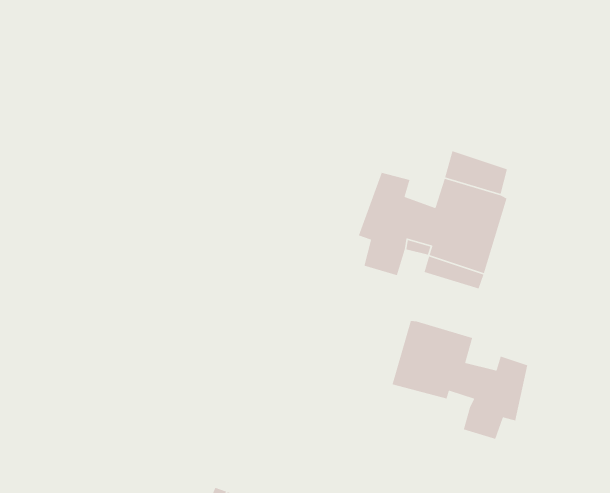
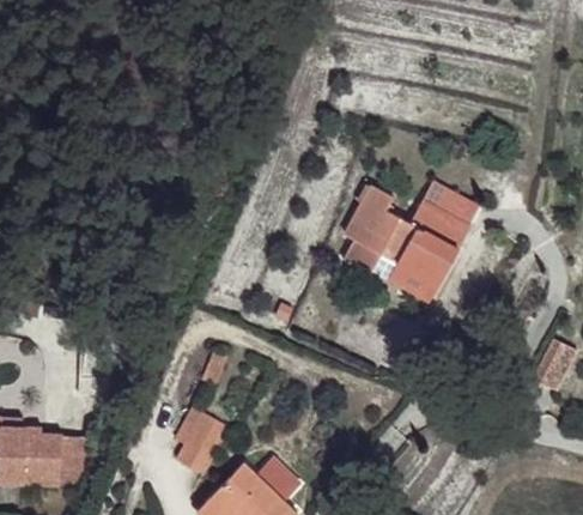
building: [392,320,528,440] -> none

